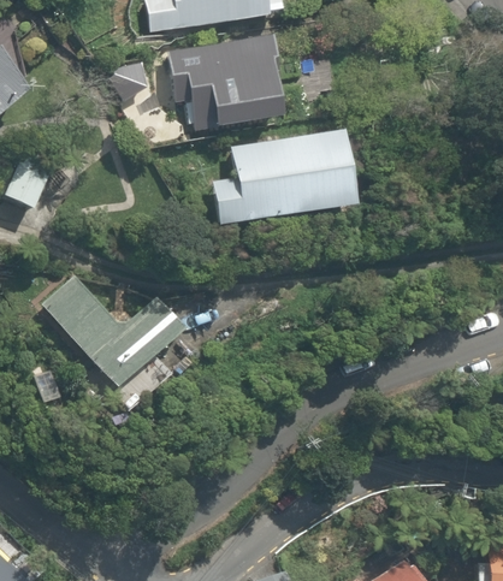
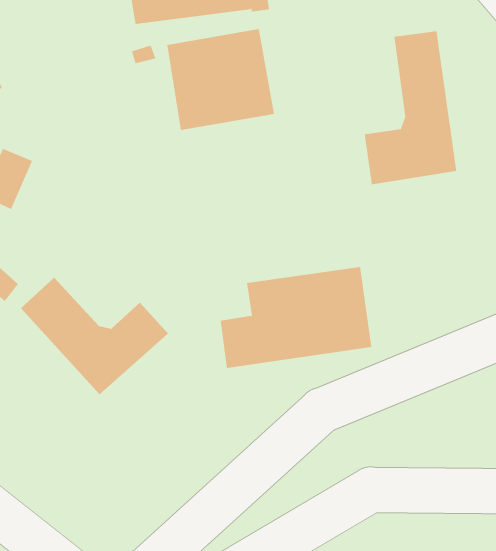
building: none -> [364,30,457,185]
building: [207,129,353,226] -> [220,266,372,368]

